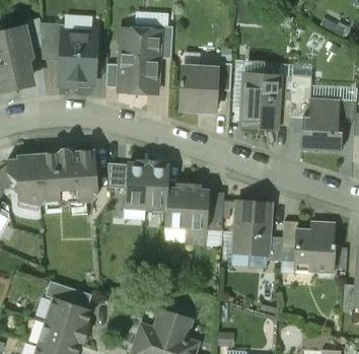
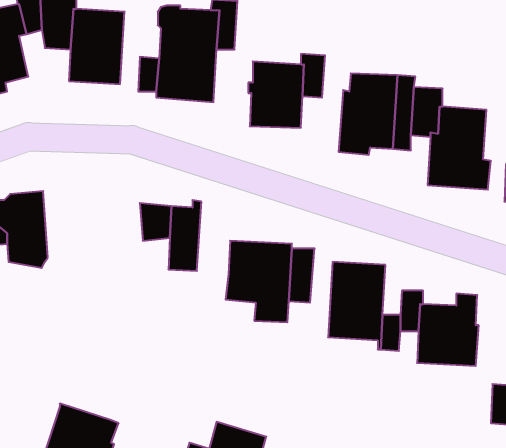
building: [42,147,97,205] -> none
building: [145,160,168,209] -> none
building: [45,280,91,307] -> none

